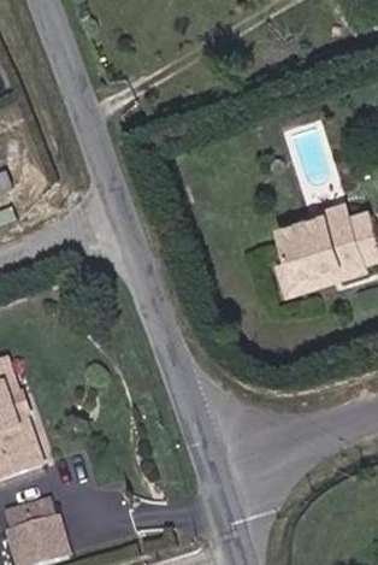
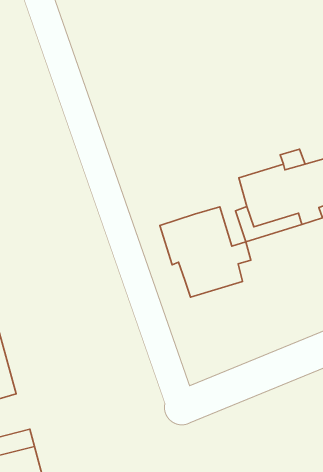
building: none -> [160,207,251,297]

